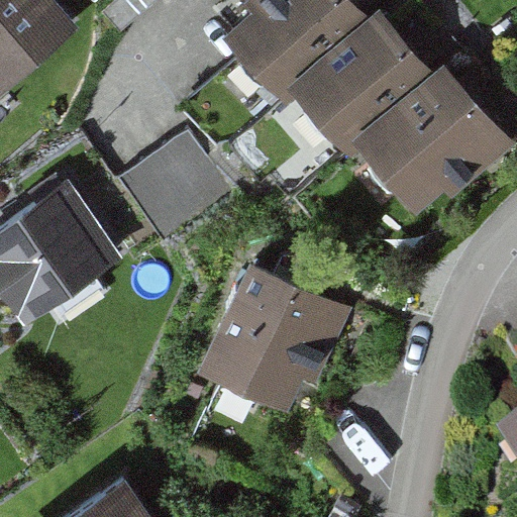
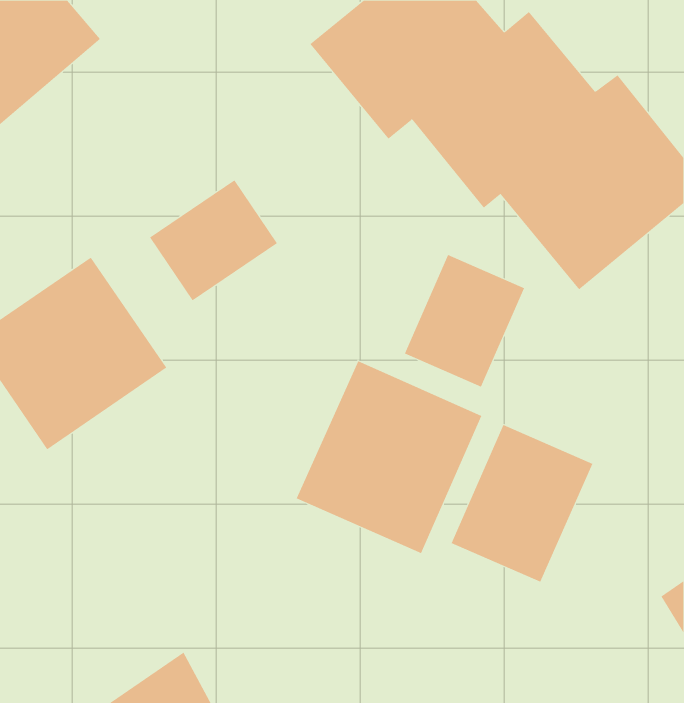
building: none -> [404,254,525,387]
building: none -> [451,424,593,583]

